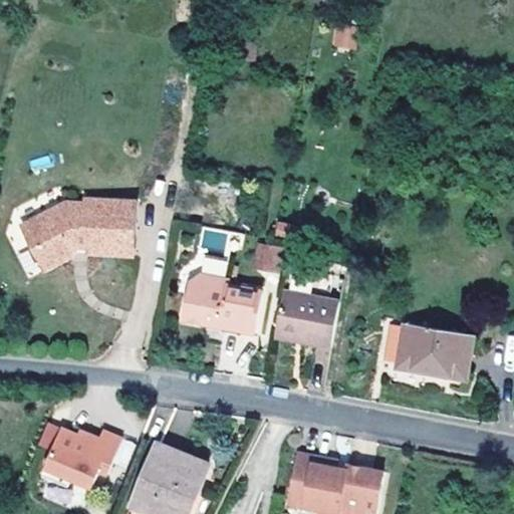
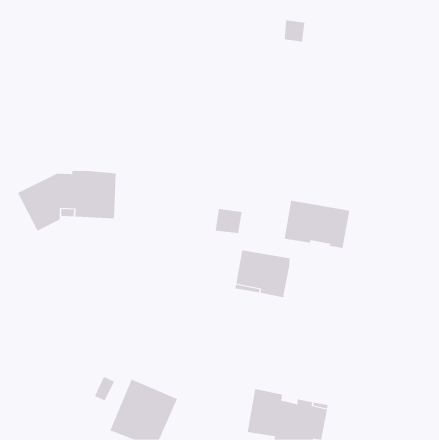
building: [182,275,262,333] -> none
building: [396,322,473,378] -> [284,200,350,248]
building: [36,421,114,493] -> none

